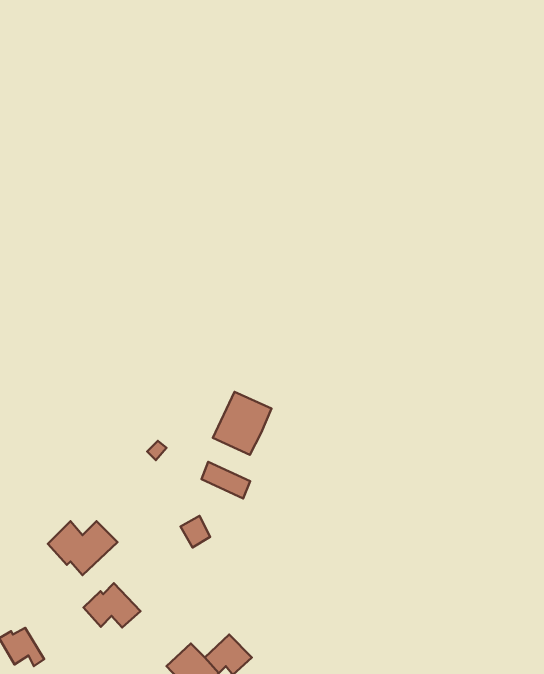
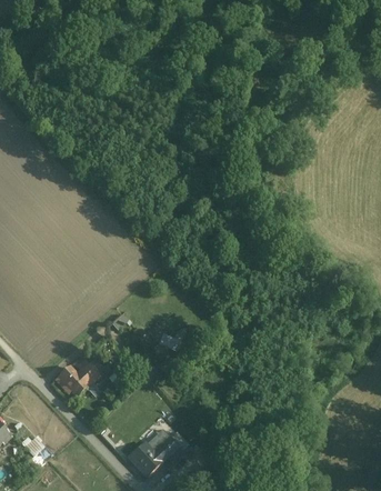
building: [213,392,272,455] -> none
building: [84,583,140,628] -> none

